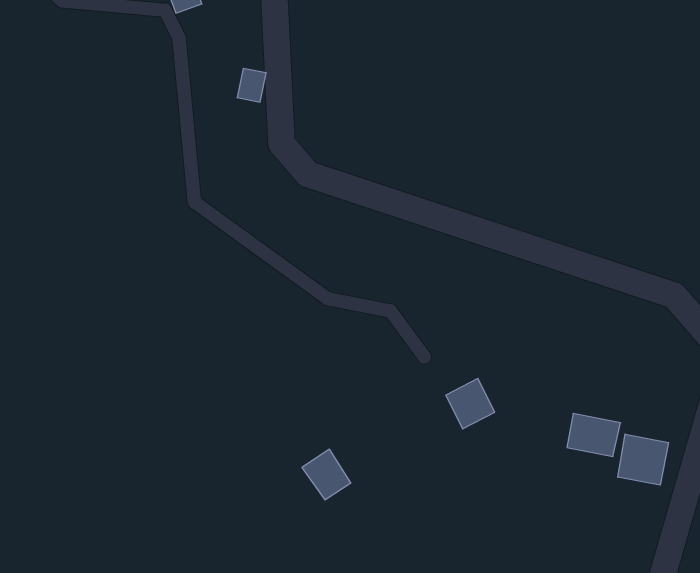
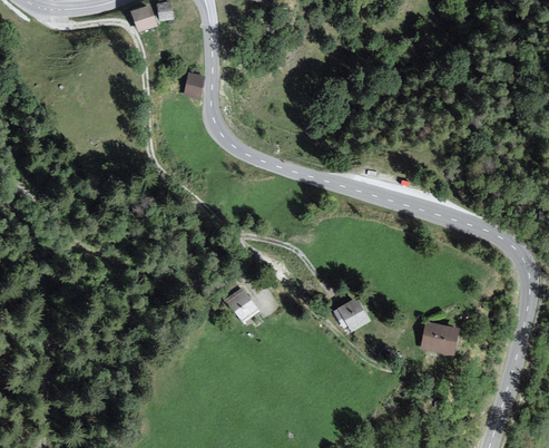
building: [618,434,669,485] -> none
building: [302,449,351,500] -> [224,288,259,324]

